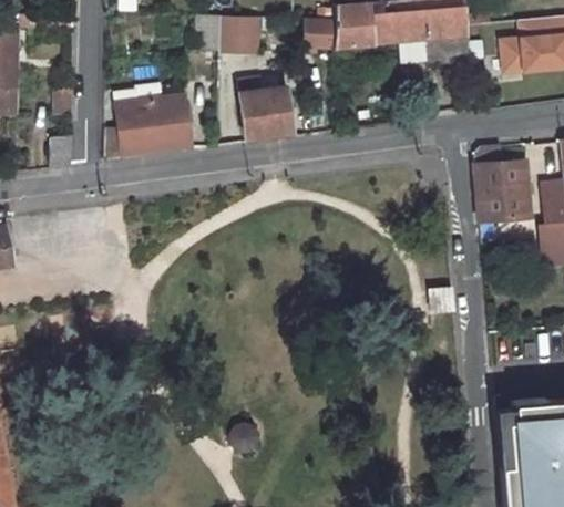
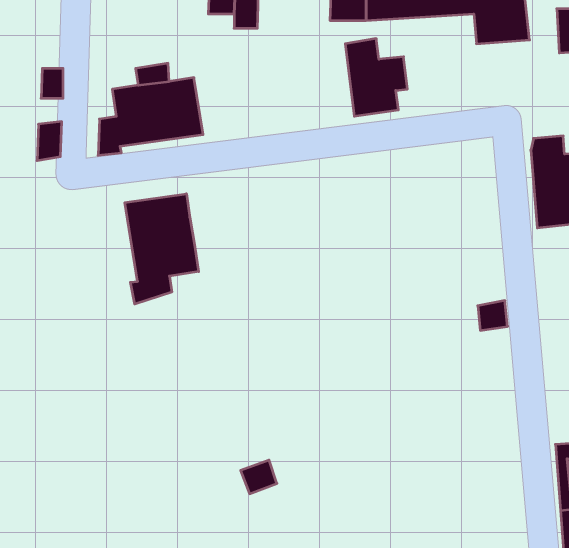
building: [239,71,293,137] -> [345,39,407,116]
building: none -> [125,194,199,304]

